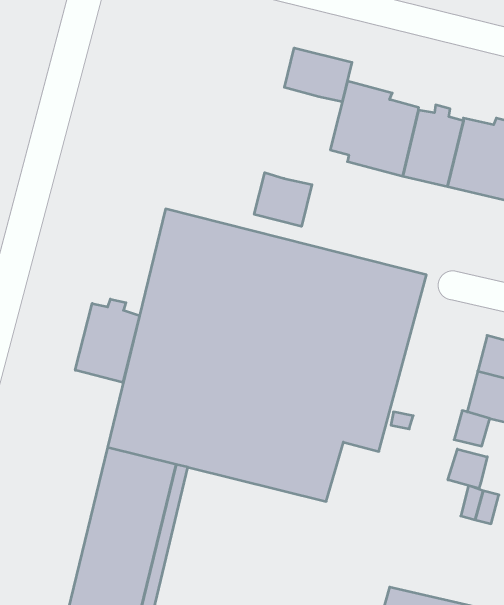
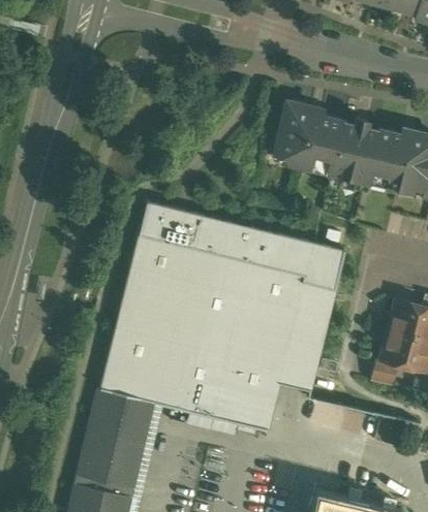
building: [284,48,352,102] -> none
building: [254,173,312,226] -> none
building: [75,299,140,382] -> none
building: [448,449,487,488] -> none

